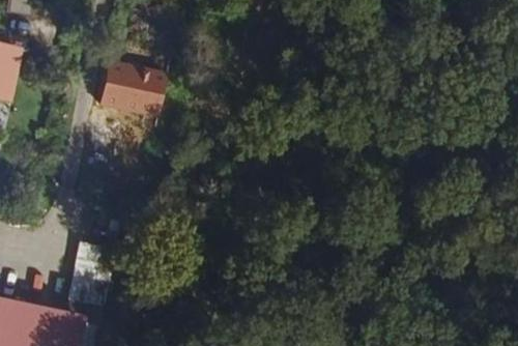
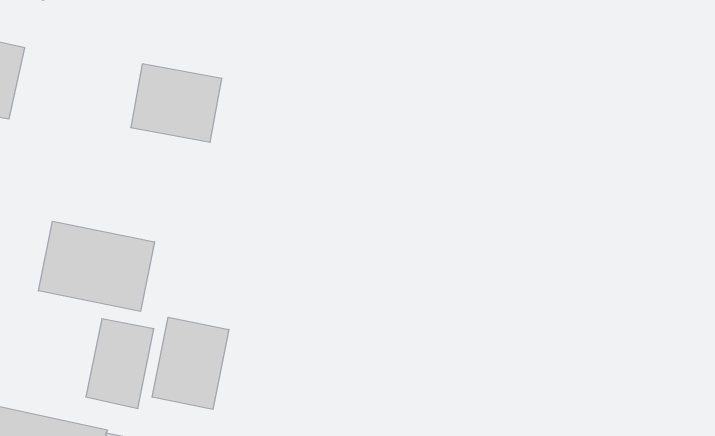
building: none -> [38,221,155,311]
building: none -> [152,317,229,409]

